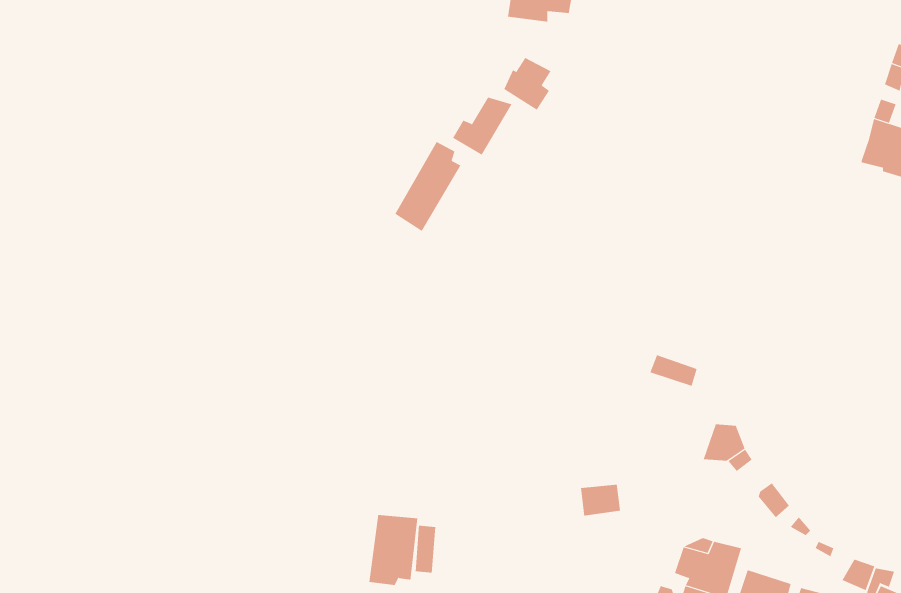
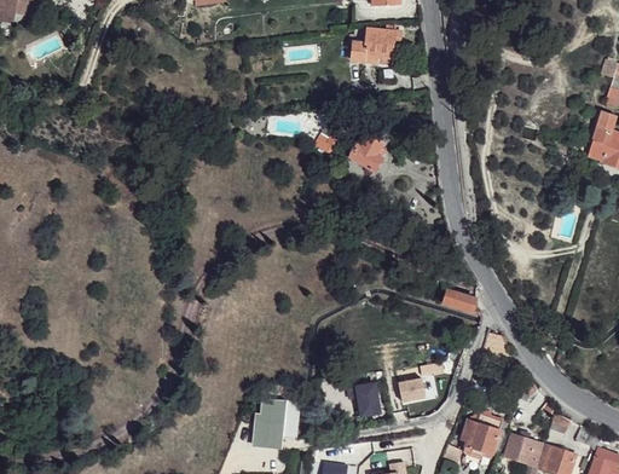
building: [503,57,551,110] -> [349,134,382,170]
building: [394,141,461,232] -> none
building: none -> [348,382,380,414]

